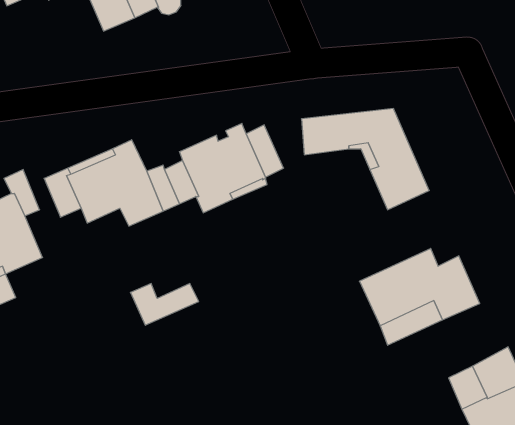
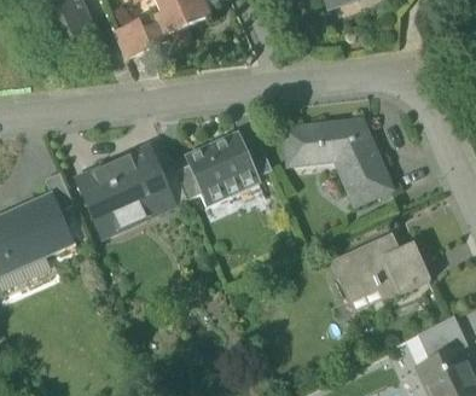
building: [130,284,199,325] -> [89,202,145,235]

